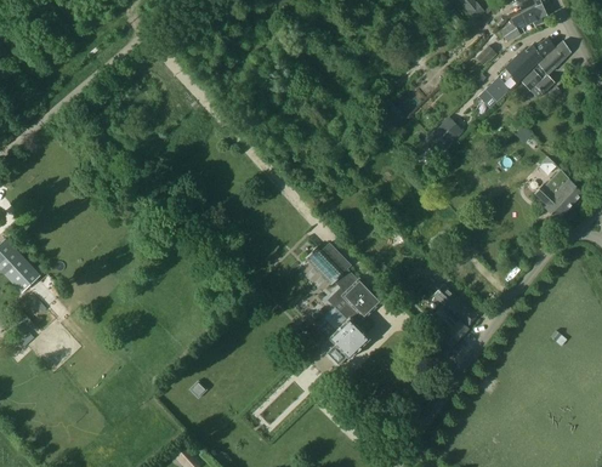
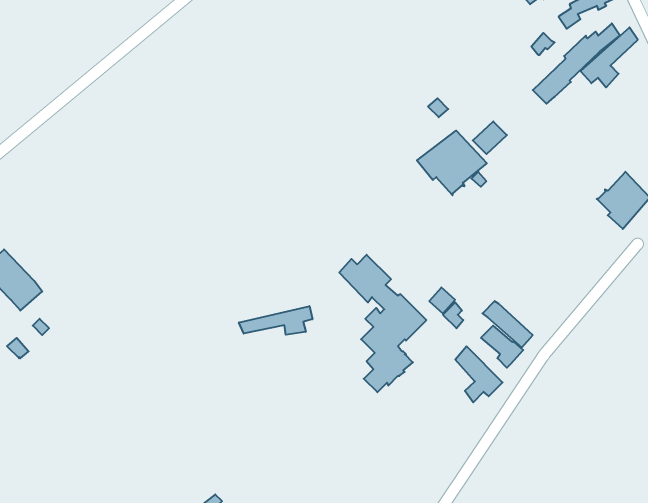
building: none -> [417,131,487,195]
building: none -> [239,306,312,335]
building: none -> [455,346,503,402]

